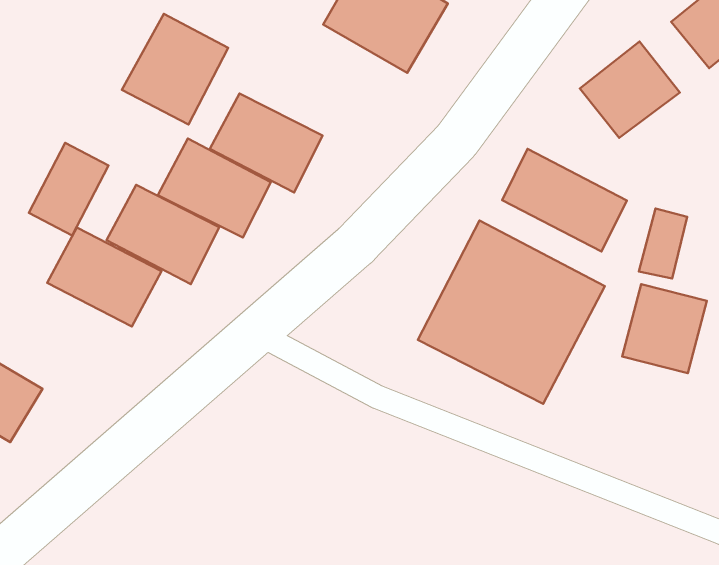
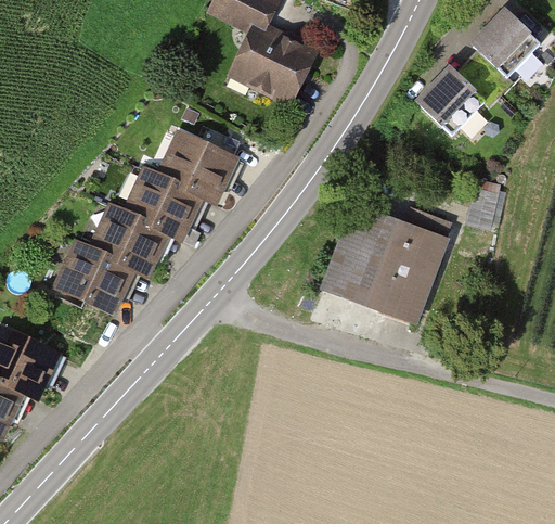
building: [122,14,228,124] -> none
building: [29,143,109,235] -> none
building: [502,149,627,252] -> none
building: [622,284,707,373] -> none

